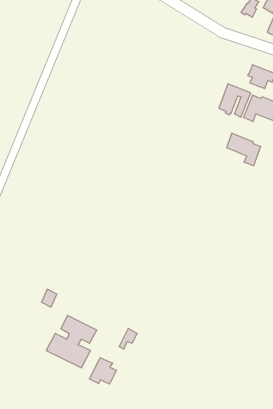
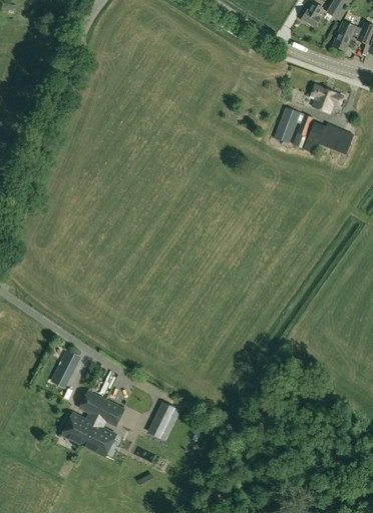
building: [227,133,261,166] -> none
building: [89,358,116,384] -> none

